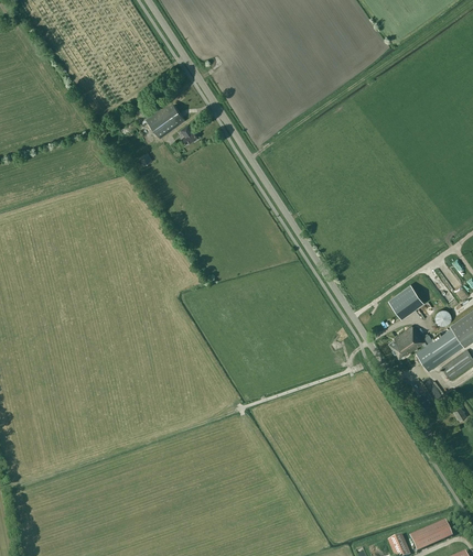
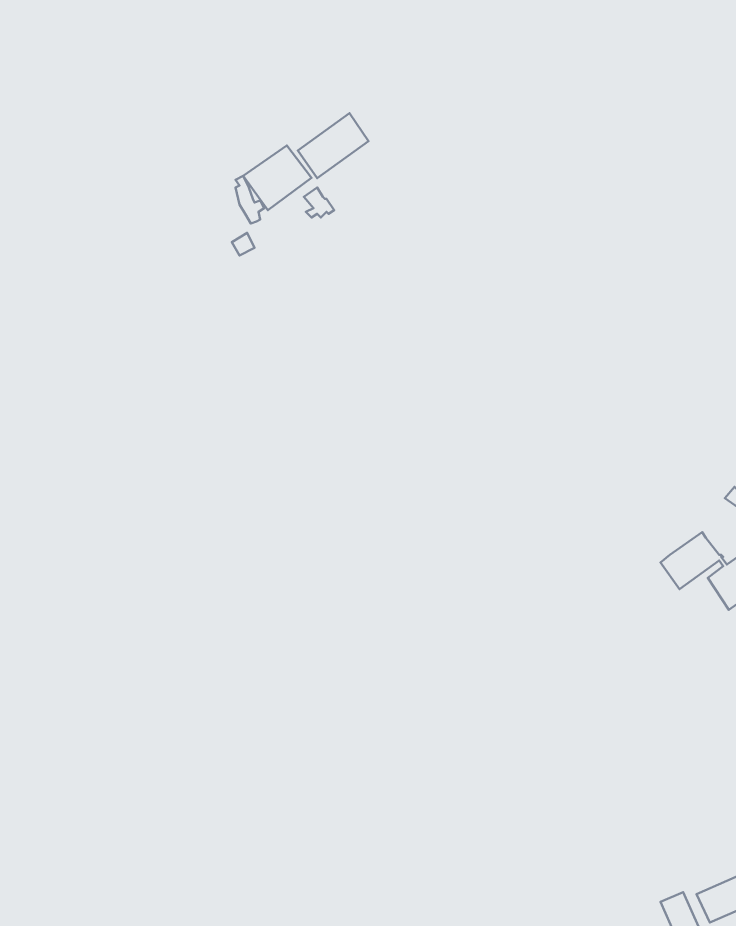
building: none -> [298,113,369,178]
building: [388,284,423,318] -> none

